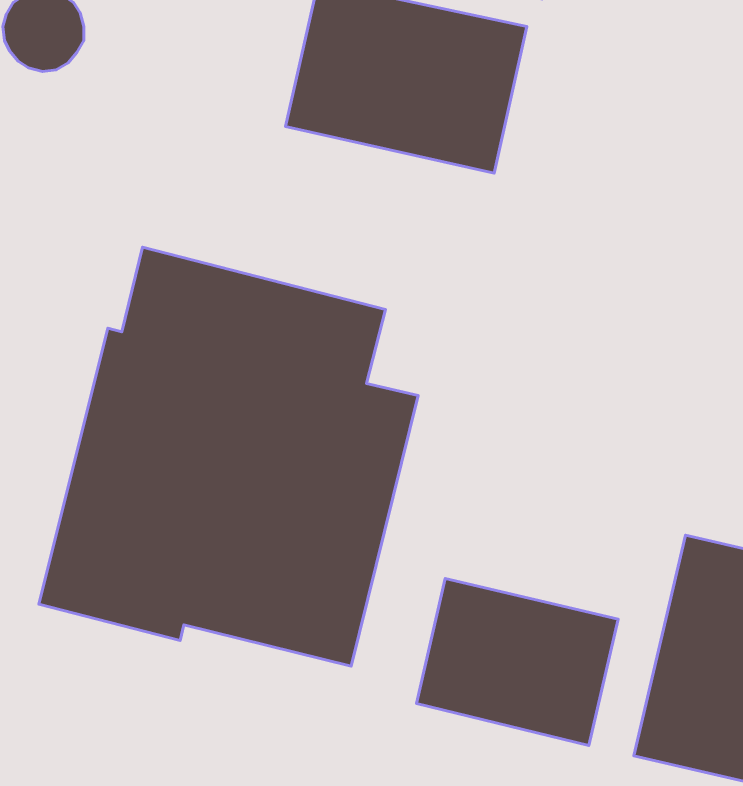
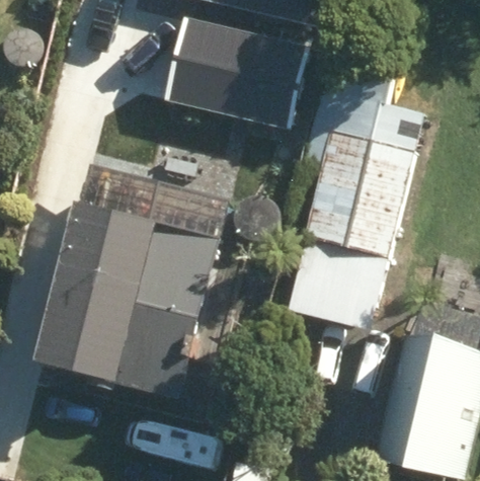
building: none -> [286,127,413,325]
building: [416,579,618,745] -> none

